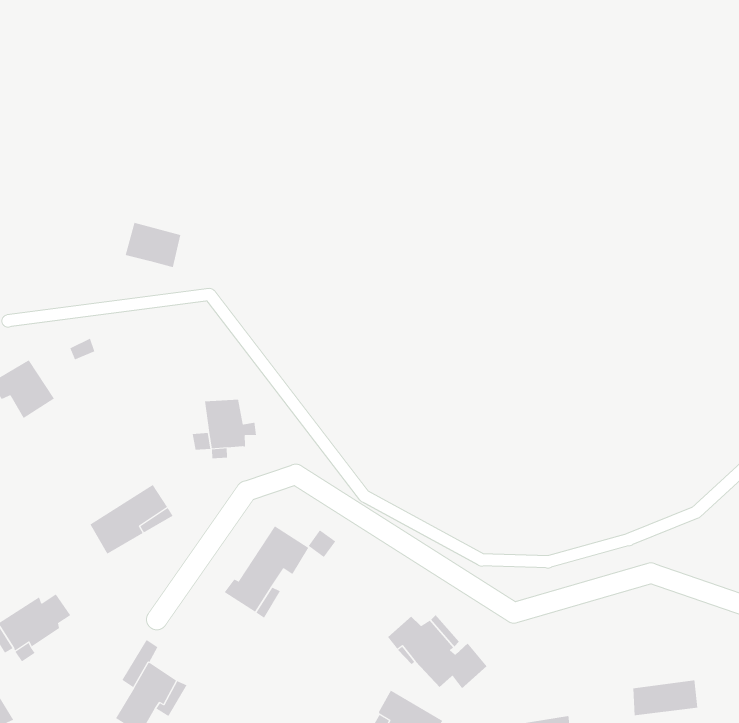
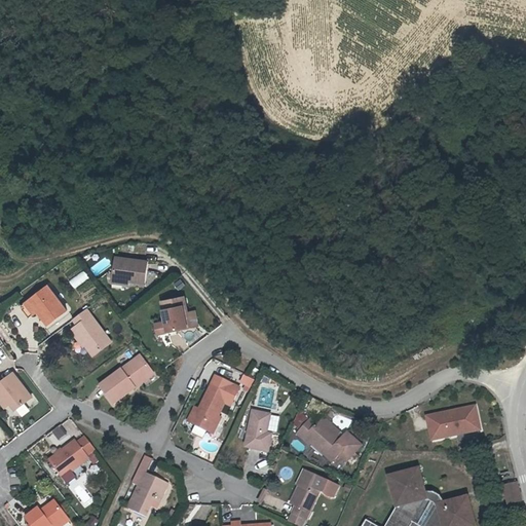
building: [125,222,181,268] -> [112,255,146,280]
building: none -> [71,310,112,356]
building: none -> [247,410,270,449]
building: [632,680,698,716] -> [433,407,476,435]

